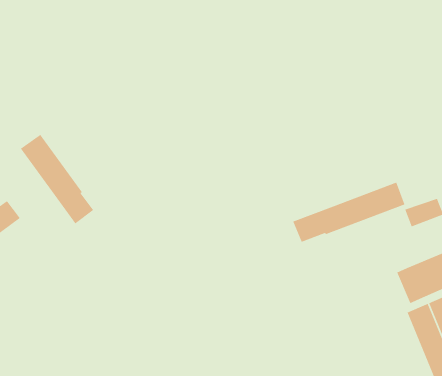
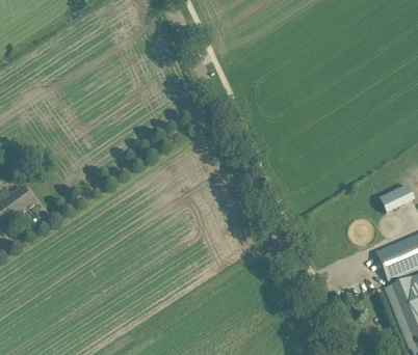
building: [20,134,94,225] -> none
building: [292,182,406,243] -> none

